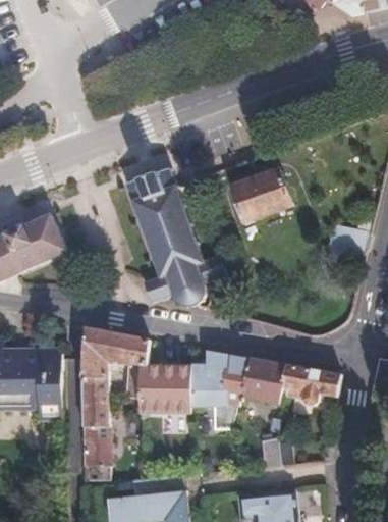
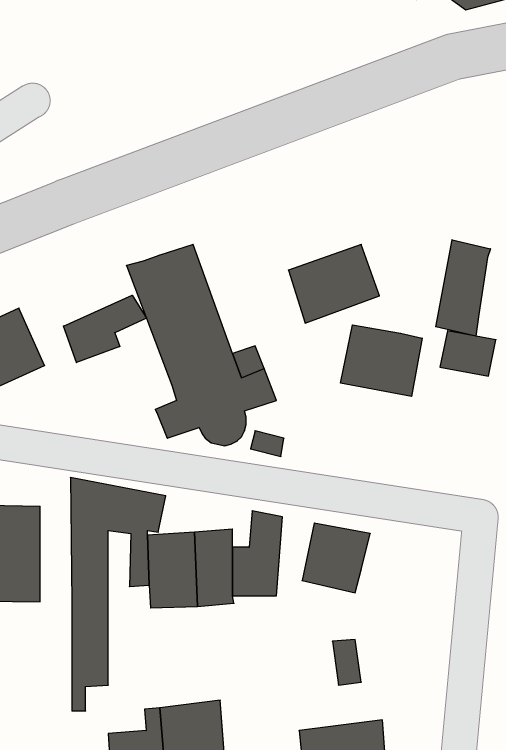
building: none -> [436,240,490,336]
building: none -> [63,295,146,363]
building: none -> [341,325,422,396]
building: [222,354,247,407] -> none
building: [279,365,339,407] -> none

